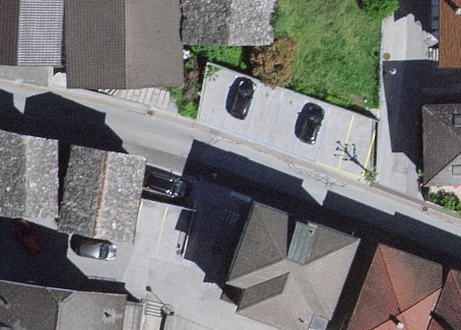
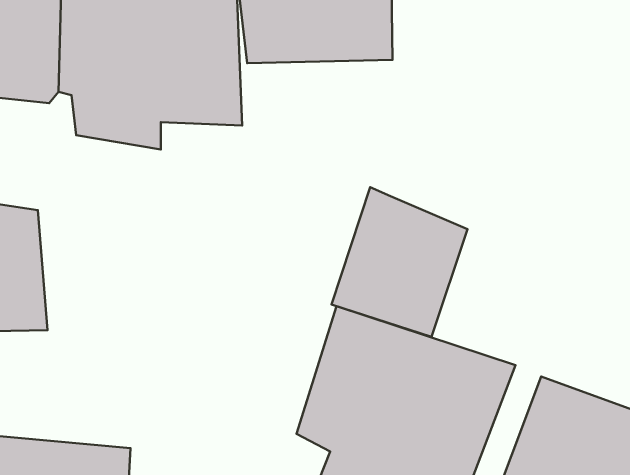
building: none -> [332,187,467,337]
building: [57,143,144,253] -> none

